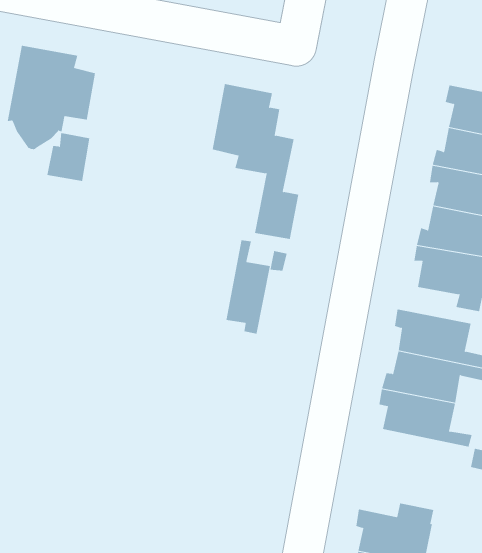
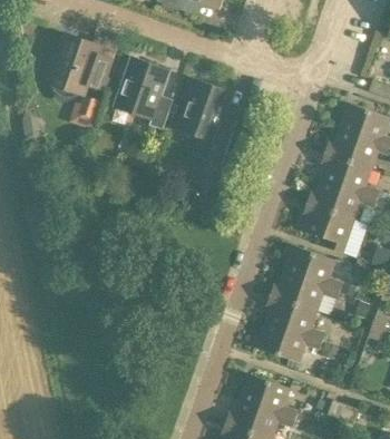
building: none -> [117,56,173,129]
building: [226,240,270,334] -> none
building: none -> [252,321,322,362]

